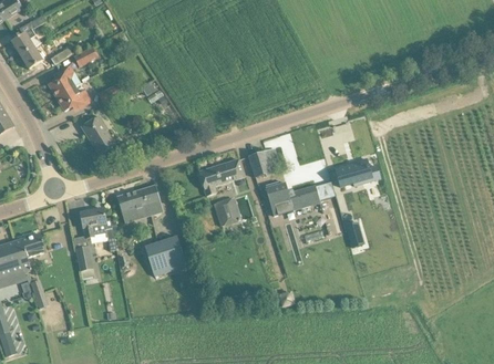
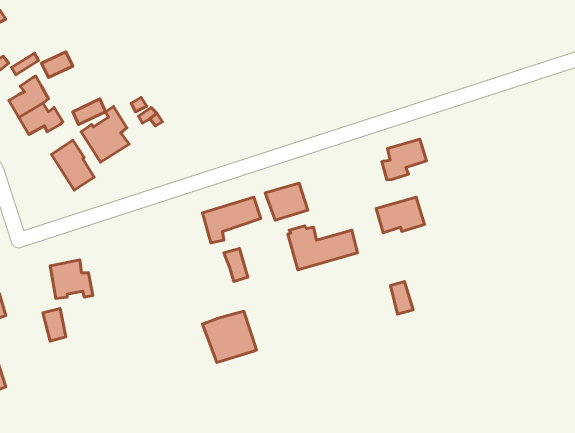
building: none -> [81,106,129,162]
building: none -> [382,139,426,180]
building: [116,186,162,221] -> none
building: [144,236,186,275] -> [202,311,257,363]

